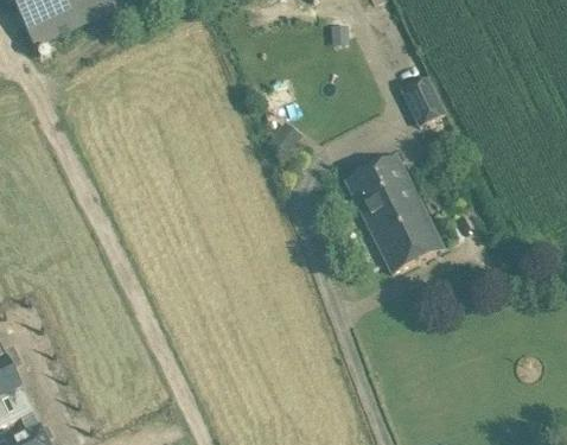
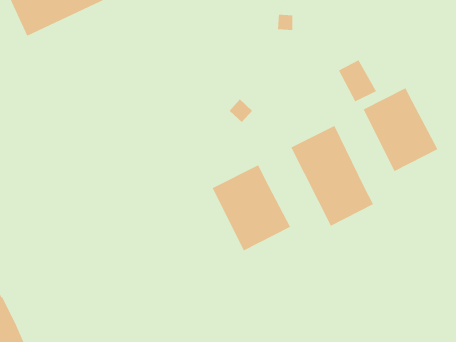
building: none -> [362,87,438,172]
building: none -> [211,164,291,252]

